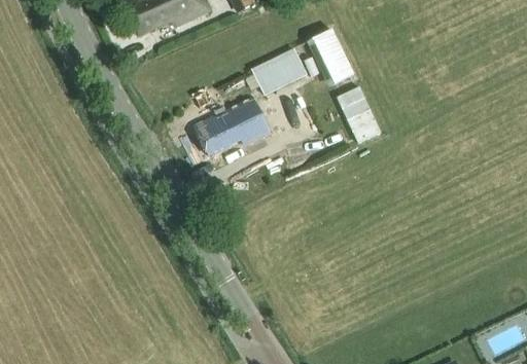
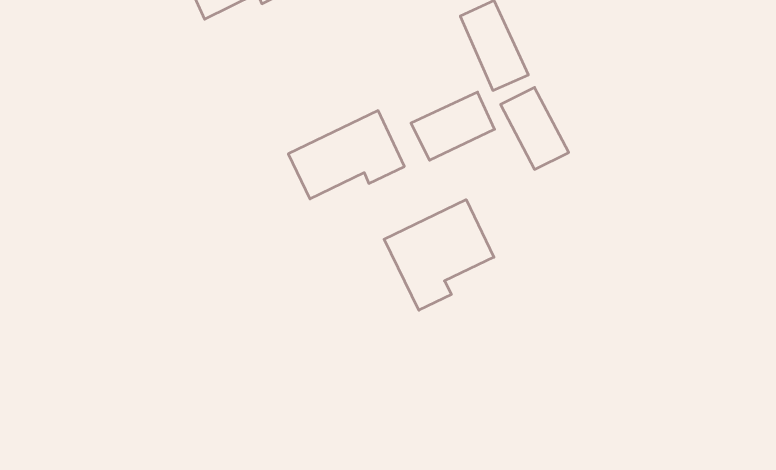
building: [248,48,304,94] -> [411,92,495,160]
building: none -> [384,200,494,310]

